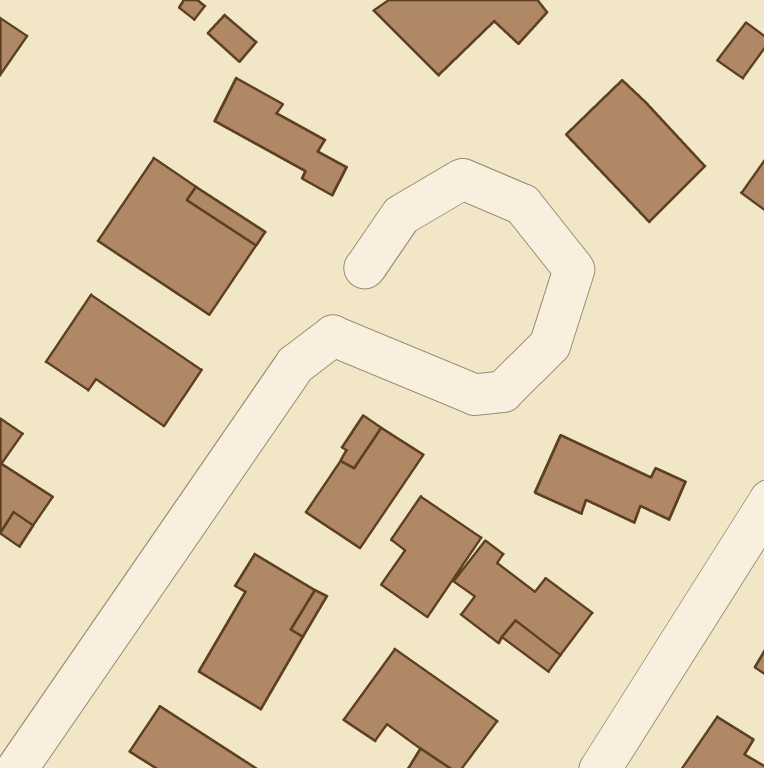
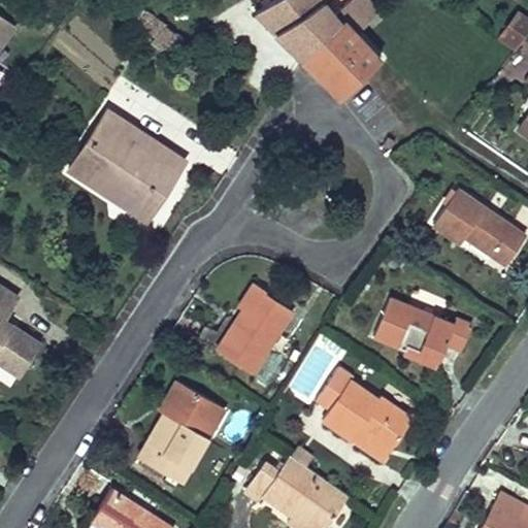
building: [215,78,347,195] -> none
building: [566,80,705,222] -> [304,15,399,112]
building: none -> [428,192,521,265]
building: [46,295,202,426] -> none
building: [381,496,481,617] -> none

